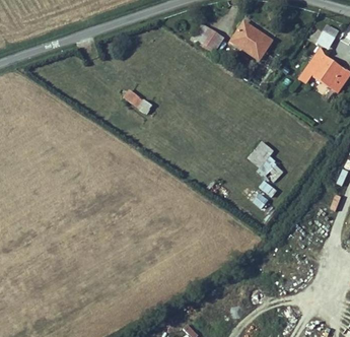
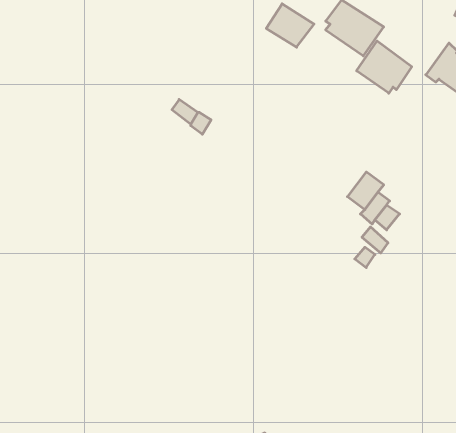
building: none -> [357,41,412,93]

